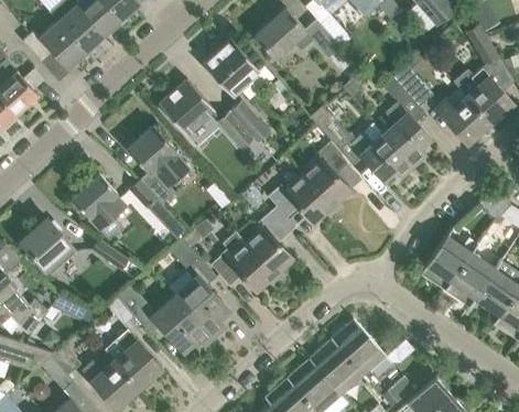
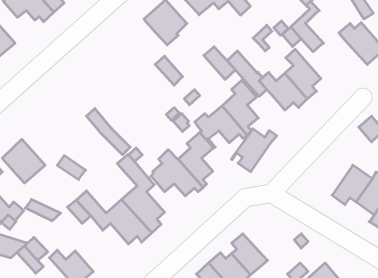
building: [158,80,214,135] -> none
building: [435,89,489,144] -> none
building: [229,101,270,143] -> [204,47,236,79]
building: [127,126,190,205] -> none
building: [71,174,126,229] -> none
building: [419,236,477,291] -> [231,129,277,172]
building: [329,319,386,375] -> none
building: [105,330,161,389] -> none

